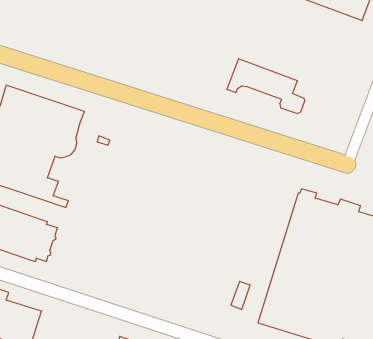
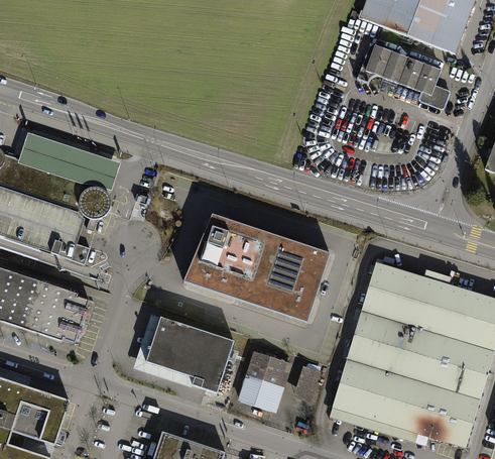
building: [227,59,305,114] -> [356,44,450,110]
building: none -> [188,210,331,320]
building: none -> [133,312,234,391]
building: none -> [239,350,285,409]

